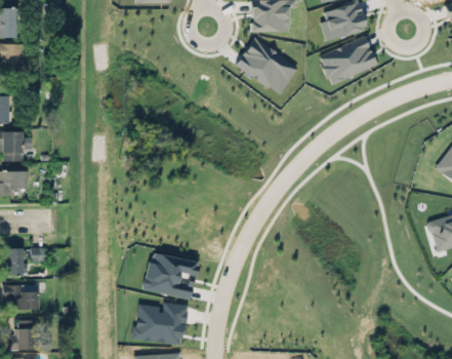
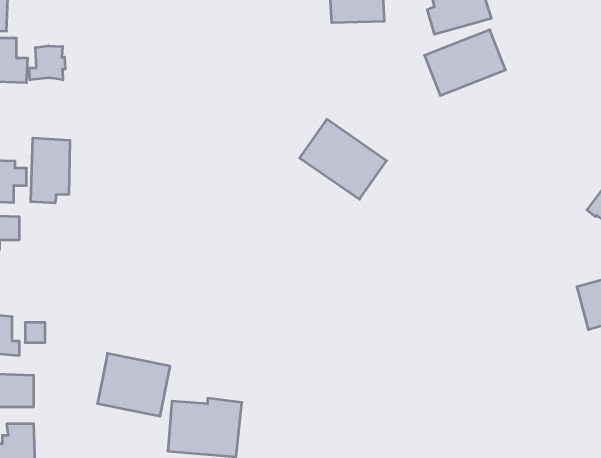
building: [236,38,298,95] -> [300,119,387,199]
building: none -> [29,46,65,80]
building: none -> [31,138,70,203]
building: [146,254,198,300] -> [97,353,170,416]

